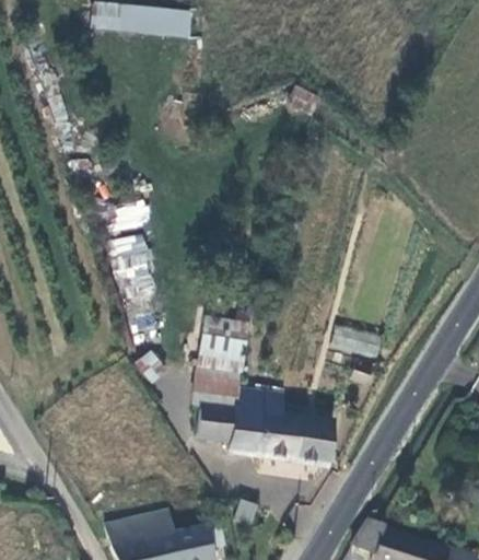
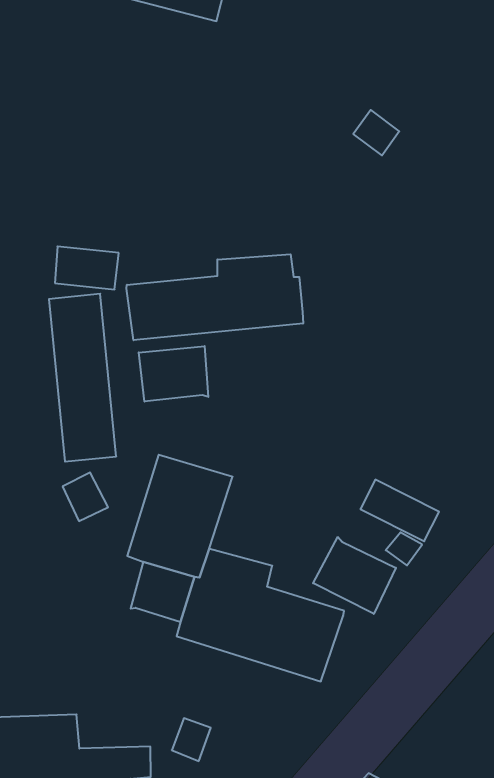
building: none -> [126,254,303,340]
building: none -> [139,346,208,402]
building: none -> [313,537,396,614]

